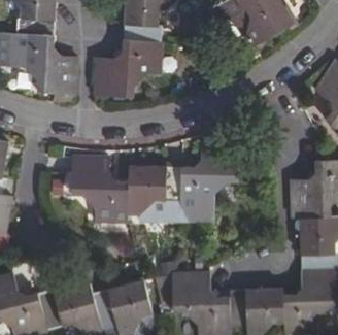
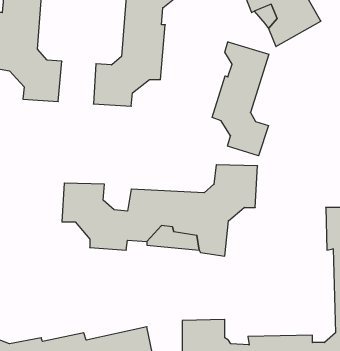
building: none -> [212,42,269,156]

